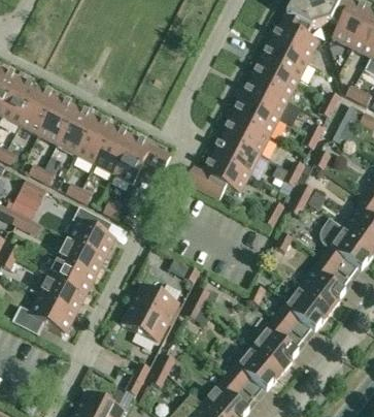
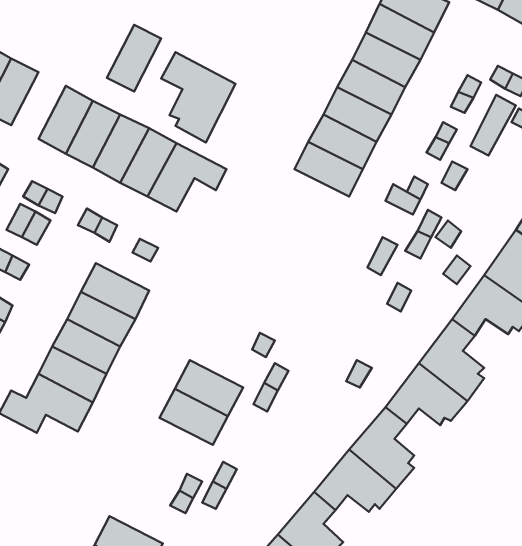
building: none -> [161,52,236,143]
building: [21,89,58,134] -> [107,25,161,91]
building: [190,155,250,199] -> none

